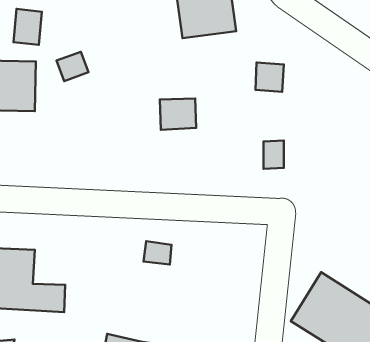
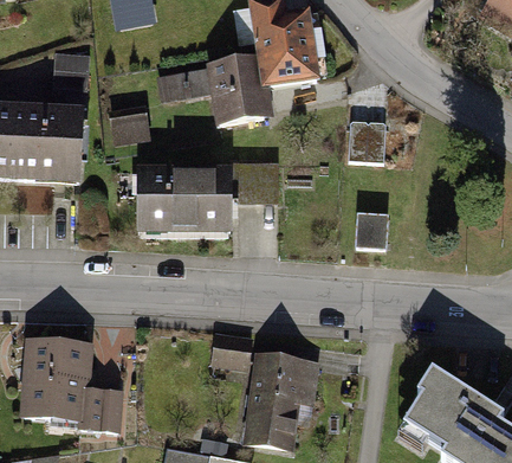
building: none -> [160,58,260,123]
building: none -> [138,174,228,231]
building: none -> [244,352,316,451]

